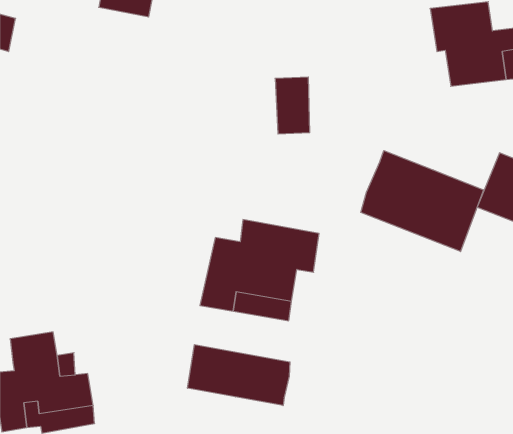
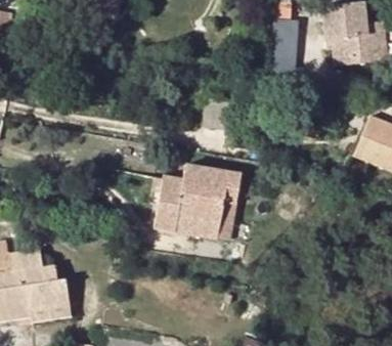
building: [275,77,310,134] -> [272,14,298,56]
building: [361,151,484,252] -> none
building: [188,345,290,406] -> none

